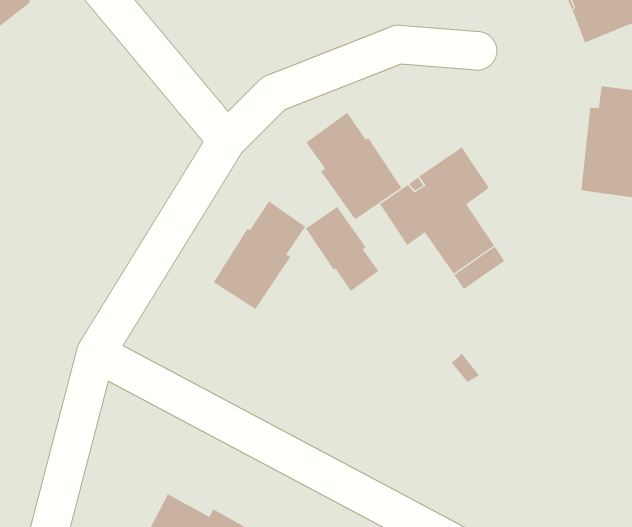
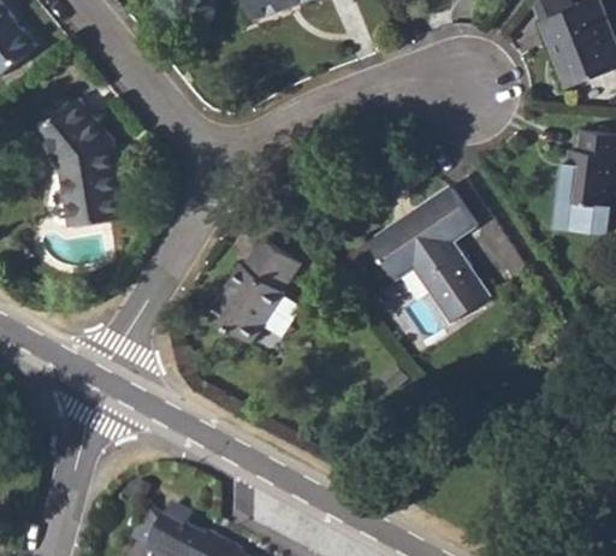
building: none -> [31,96,126,226]
building: [305,112,402,220] -> none
building: [305,206,379,292] -> none

